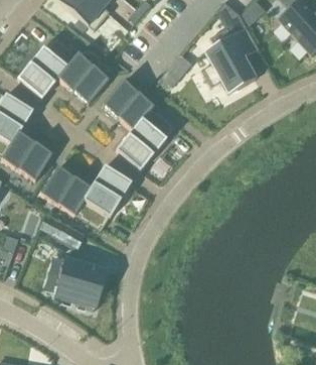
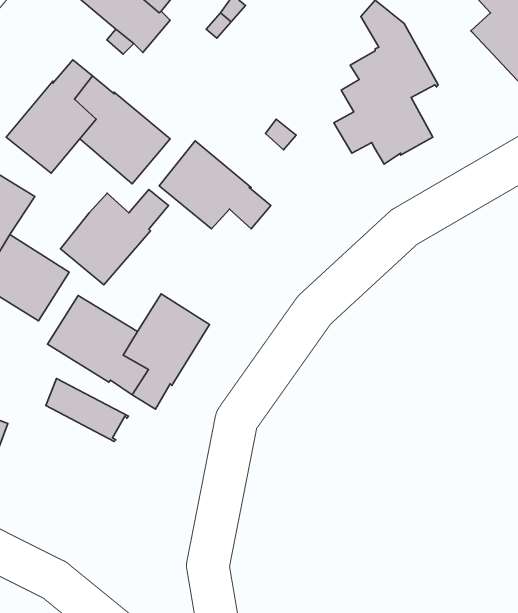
building: [116,116,176,169] -> [61,189,169,285]
building: [54,254,106,309] -> none

